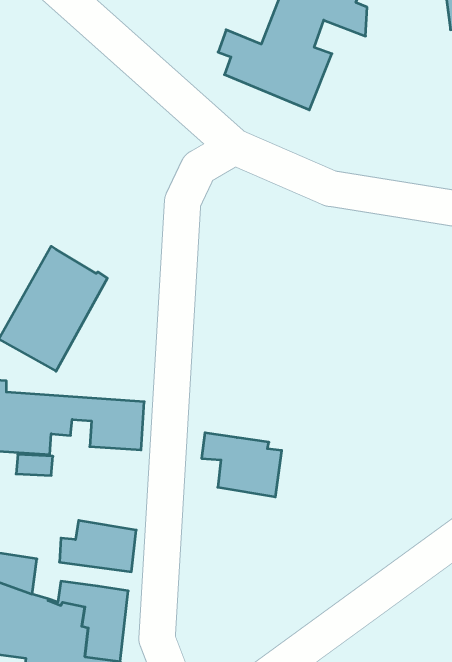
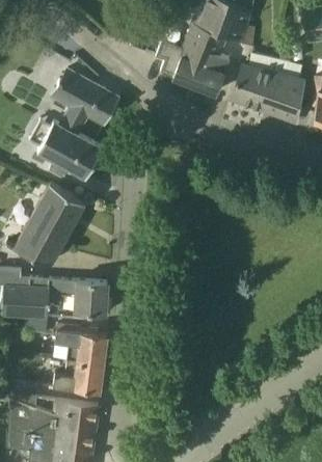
building: none -> [232,53,303,121]
building: none -> [38,70,120,180]
building: [202,433,282,497] -> [56,325,108,366]

